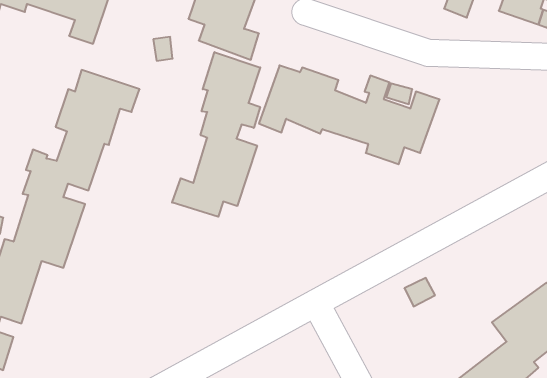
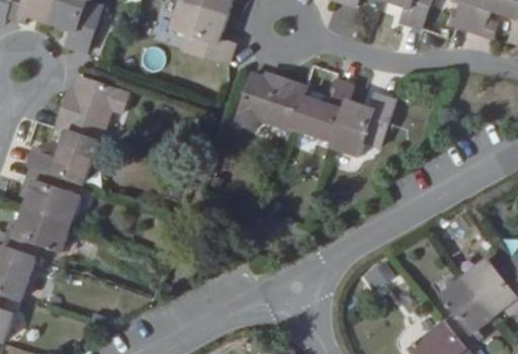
building: [172,52,260,217] -> none

